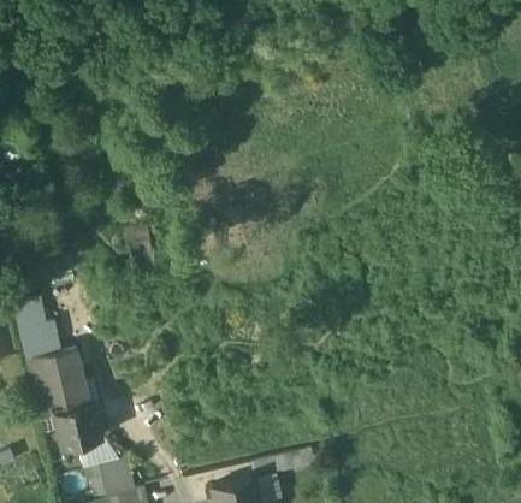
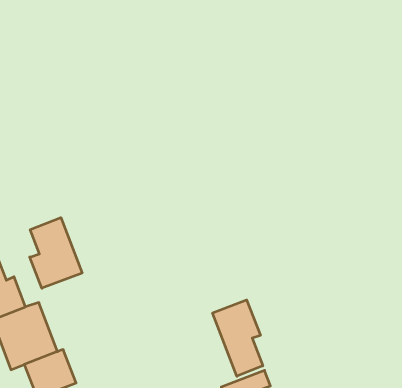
building: none -> [30,218,82,288]
building: none -> [213,300,263,376]

